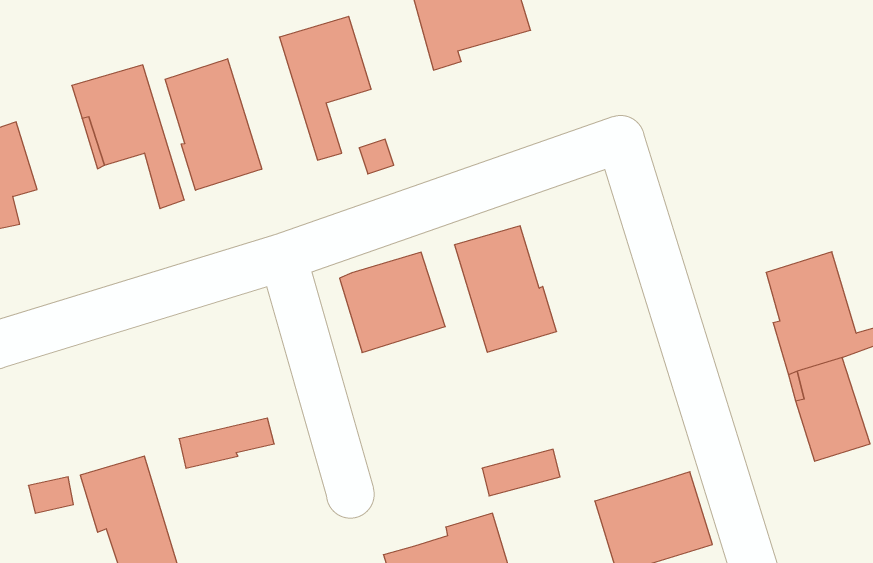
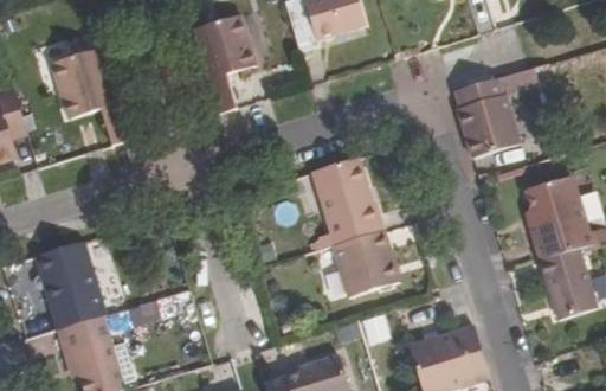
building: [165,59,262,190] -> none
building: none -> [454,66,537,158]
building: [340,252,445,353] -> [327,230,399,299]
building: none -> [34,241,105,328]

